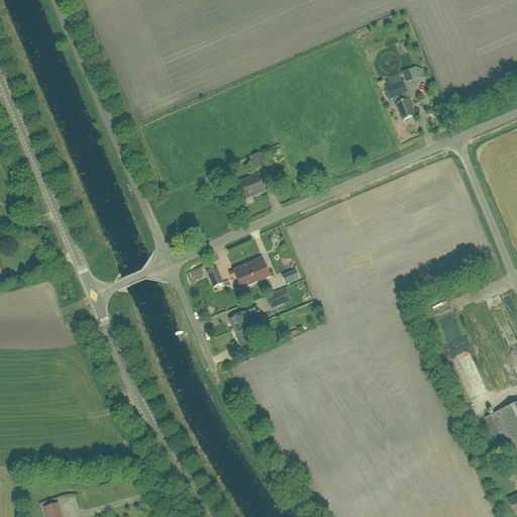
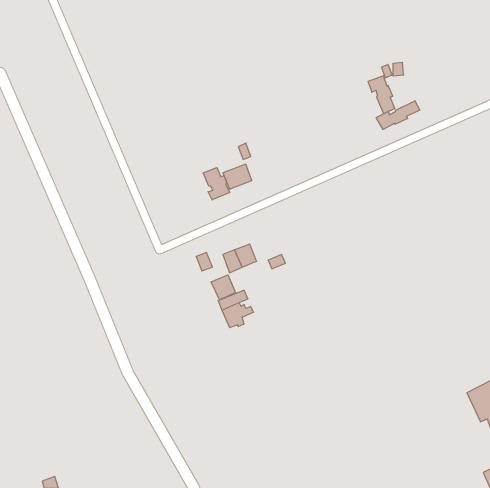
building: none -> [376,101,420,129]
building: none -> [203,168,230,200]
building: none -> [211,275,235,300]

